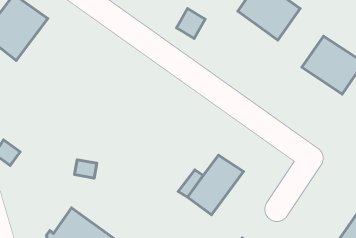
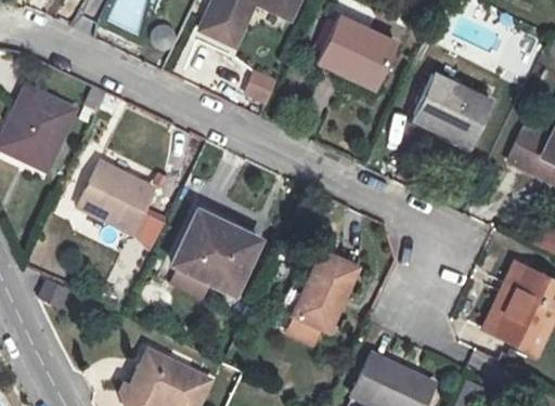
building: none -> [77,161,156,236]
building: none -> [170,211,257,294]

